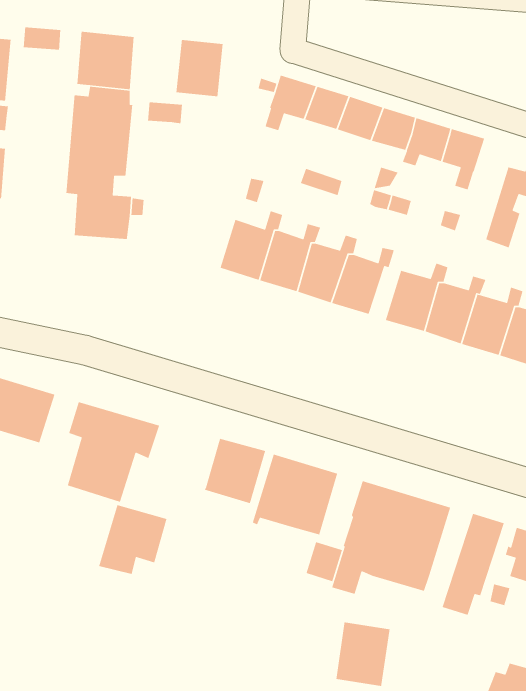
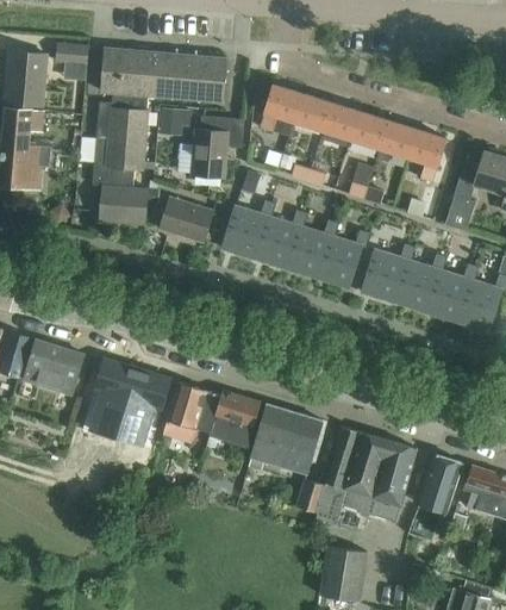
building: none -> [146,52,189,100]
building: none -> [190,116,242,179]
building: none -> [158,198,213,243]
building: [98,504,168,575] -> [162,382,220,442]

